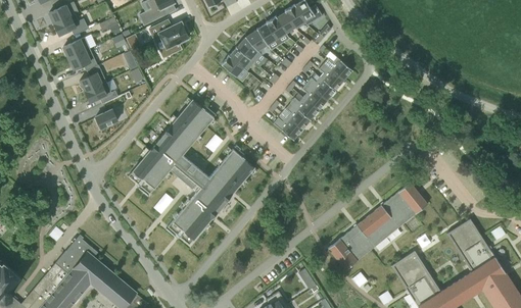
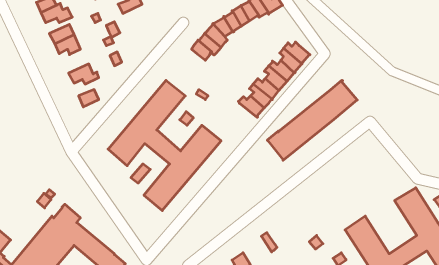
building: [149,20,189,50] -> none
building: [80,65,106,92] -> none
building: [327,183,427,271] -> [267,81,357,160]

